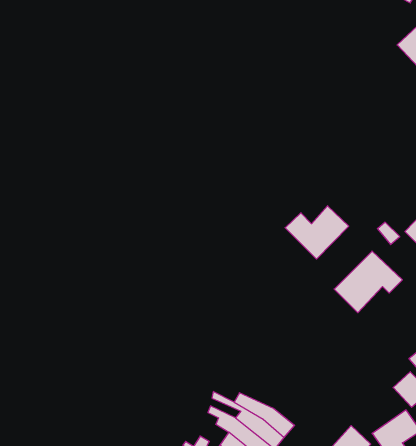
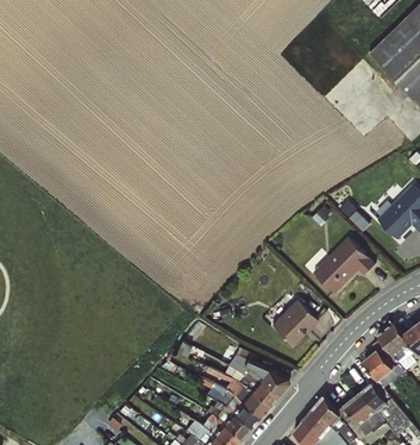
building: [285,206,349,259] -> none
building: none -> [269,302,315,347]
building: none -> [226,349,287,397]

